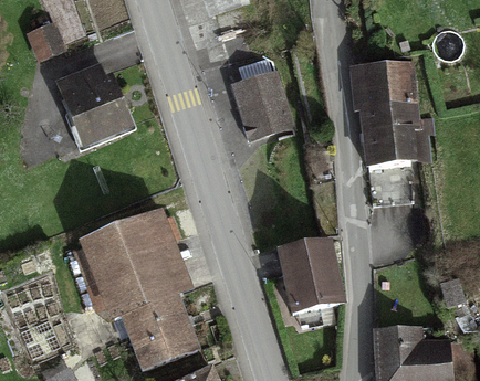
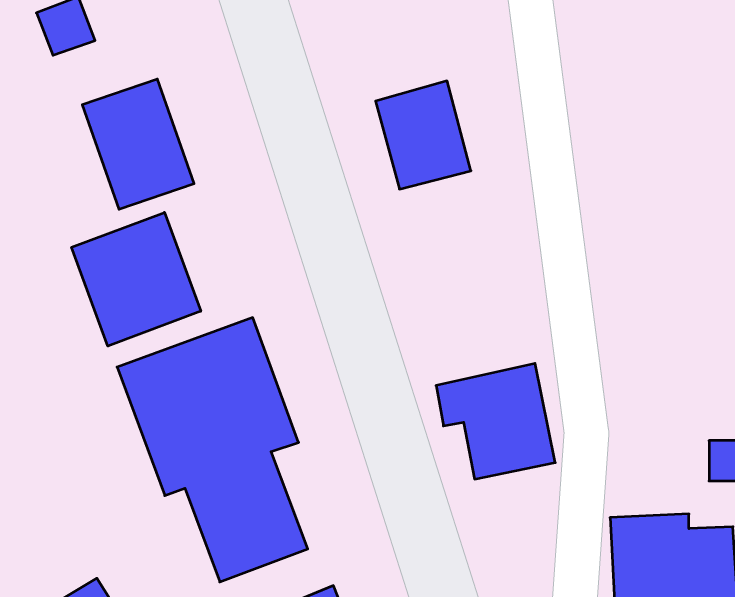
building: [353,60,422,165] -> none
building: none -> [72,212,201,346]

